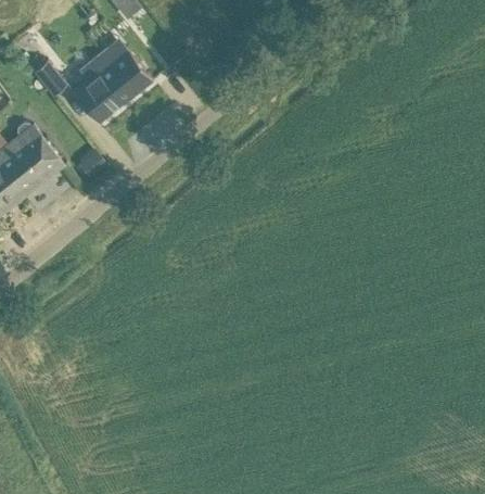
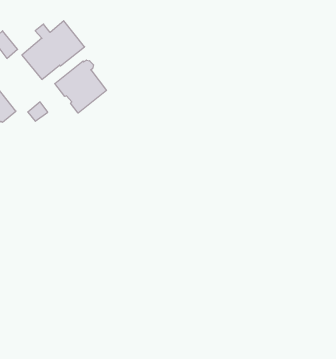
building: none -> [55,60,106,113]

